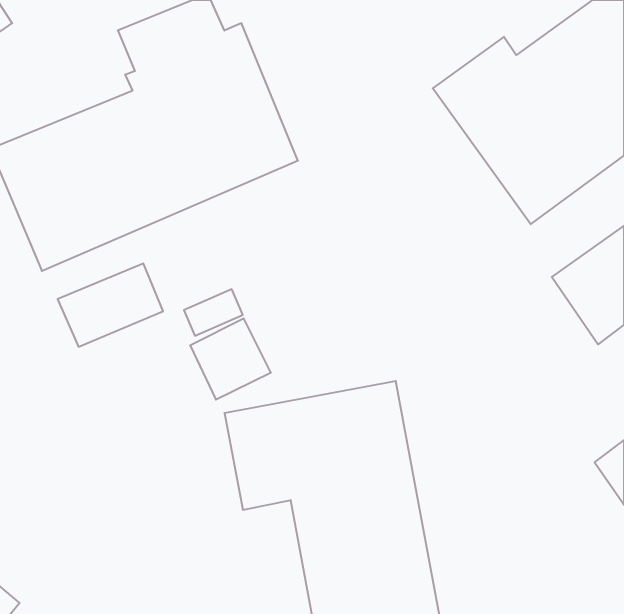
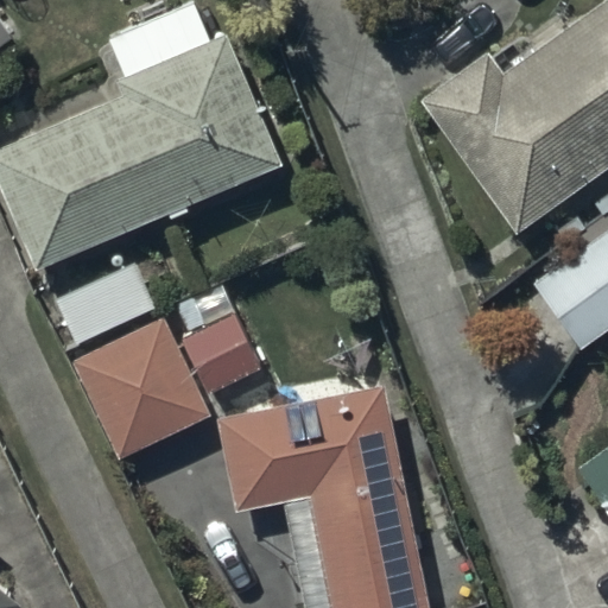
building: none -> [75,323,213,464]

